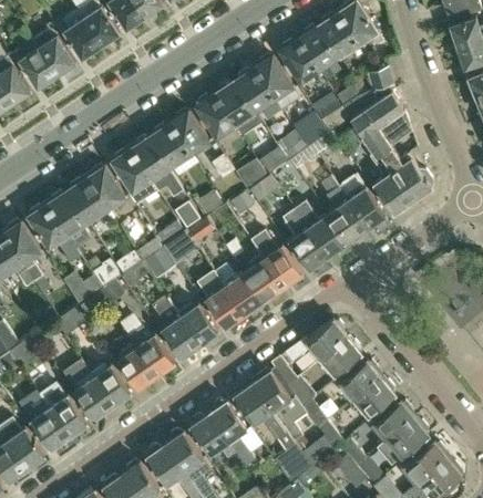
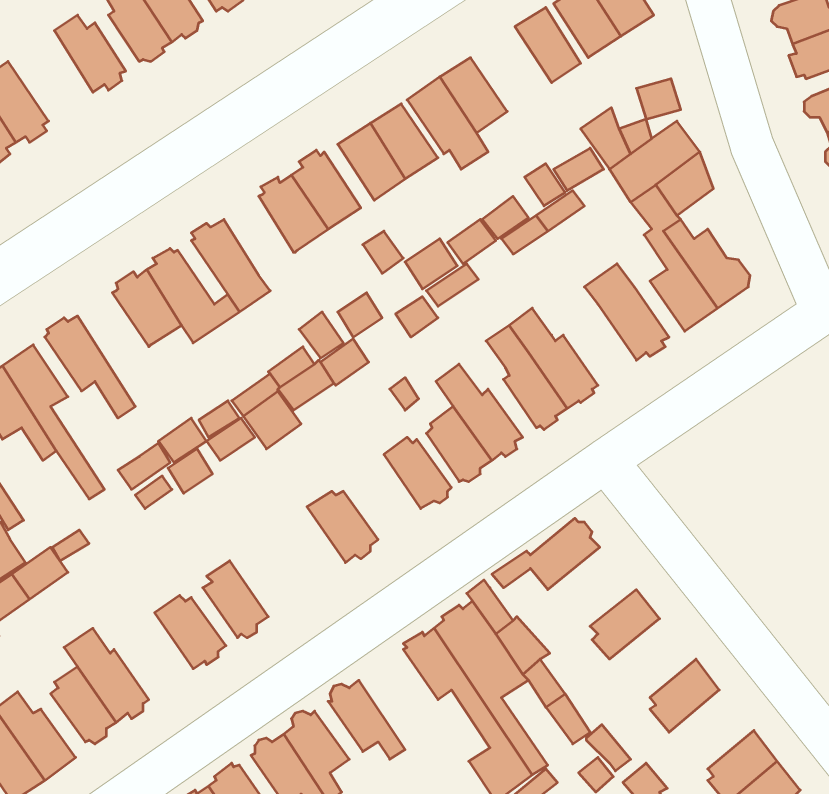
building: [280,38,319,86] -> none
building: [18,40,55,87] -> none
building: [131,135,183,197] -> none
building: [326,187,368,243] -> none
building: [47,190,88,256] -> none
building: [198,271,244,326] -> none
building: [153,297,201,357] -> none
building: [127,325,176,376] -> none
building: [317,336,360,375] -> none
building: [75,374,113,418] -> none
building: [352,377,395,416] -> none
building: [208,401,253,466] -> none
building: [387,418,430,457] -> none

